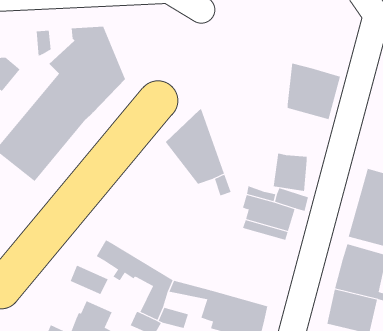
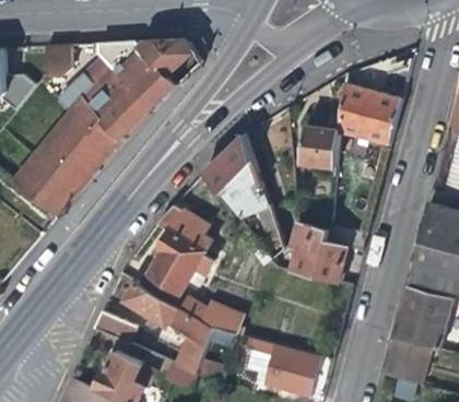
building: none -> [132,38,193,100]
building: [273,153,308,191] -> [299,125,339,168]
building: none -> [139,204,256,339]

